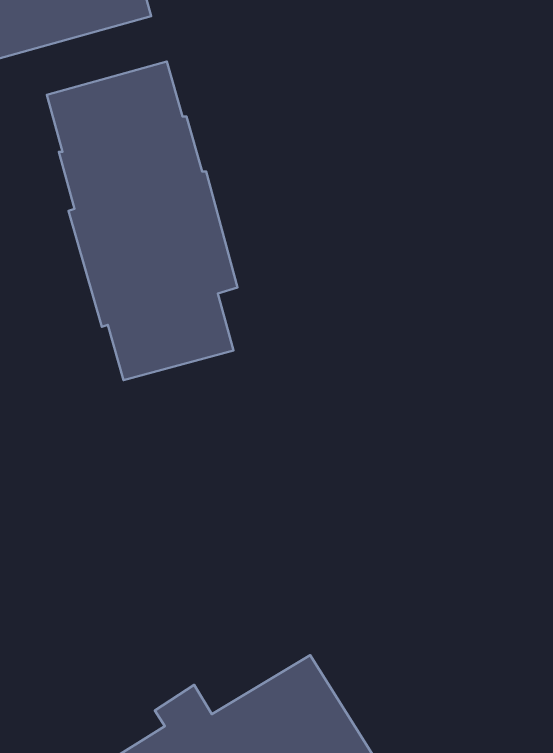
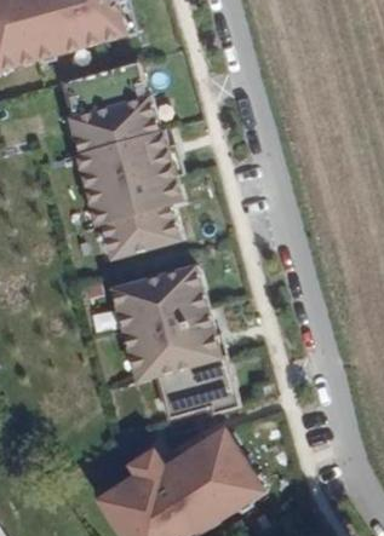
building: none -> [113,265,239,417]

